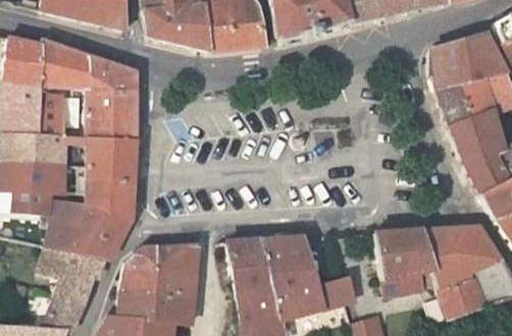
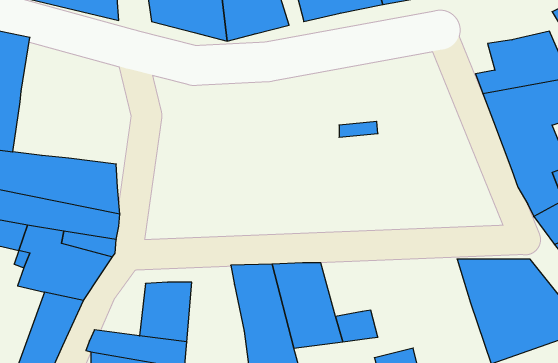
building: [51,43,134,153] -> none
building: [44,101,74,146] -> none
building: [369,232,427,299] -> none
building: [112,250,155,296] -> none

